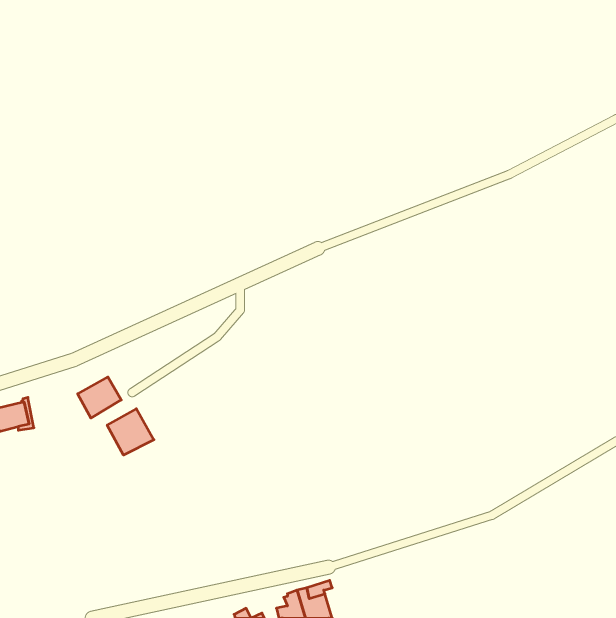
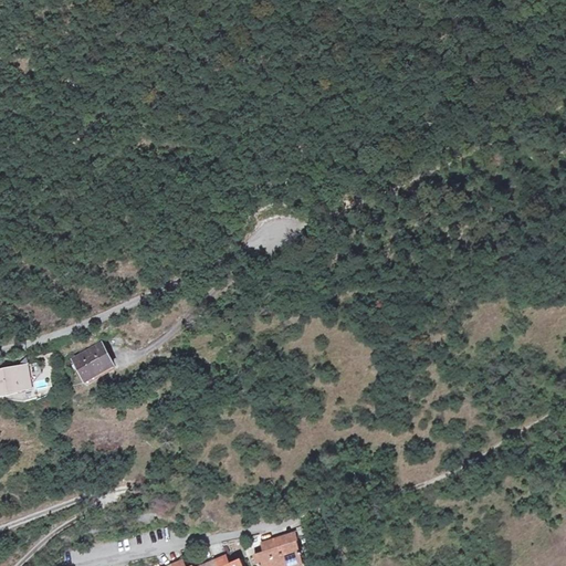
building: [107,409,154,455] -> none

